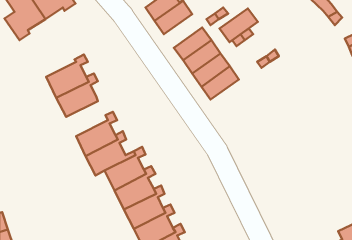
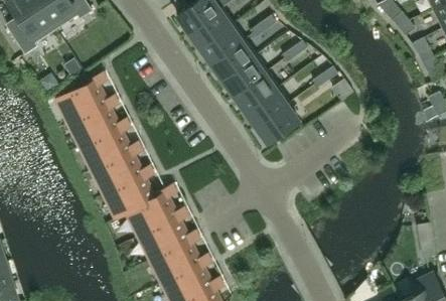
building: [220,9,258,42] -> [200,23,247,63]
building: none -> [257,102,299,143]
building: none -> [83,118,133,170]

